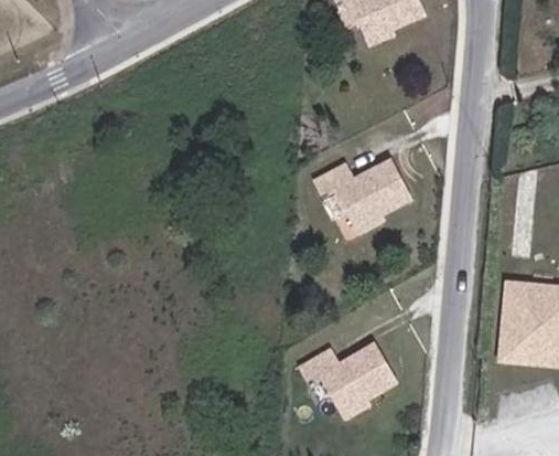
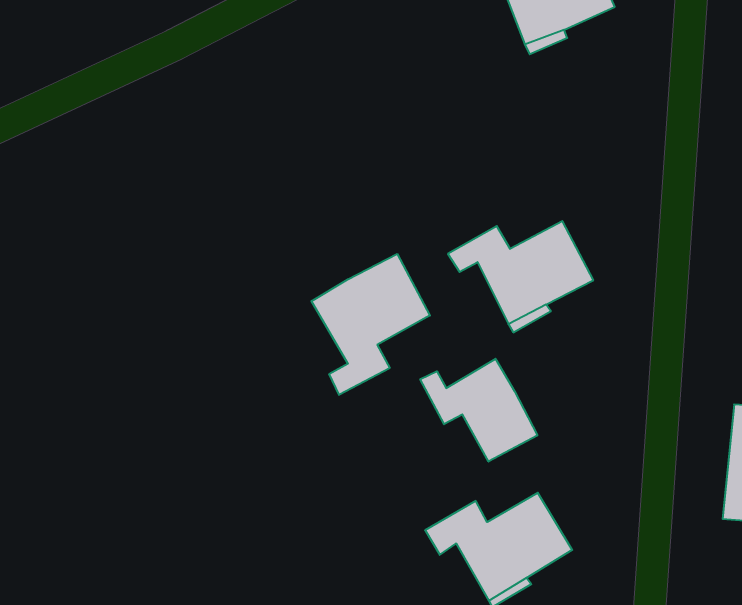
building: none -> [311,254,430,395]
building: none -> [420,359,537,462]

